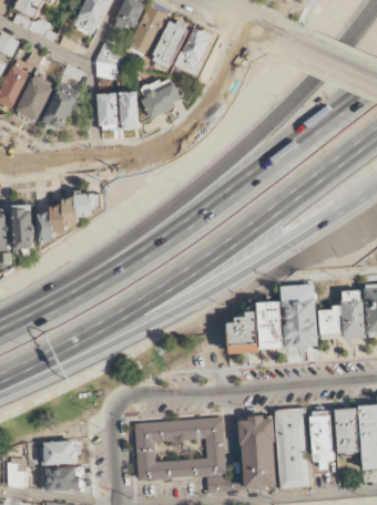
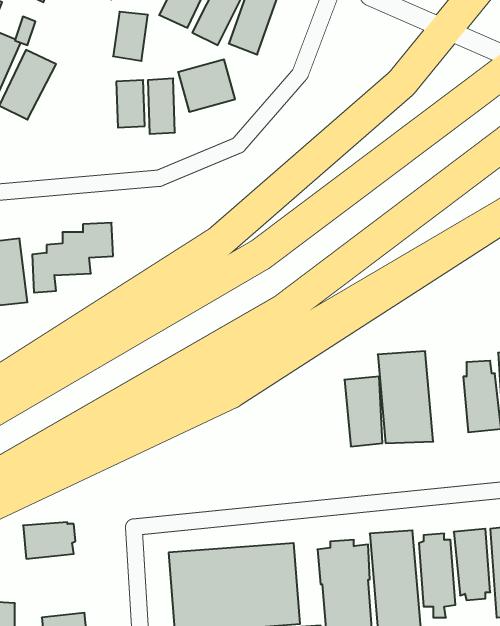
building: [42,83,80,131] -> none
building: [318,305,342,339] -> none
building: [227,310,259,353] -> none
building: [43,440,80,465] -> [23,522,75,559]

